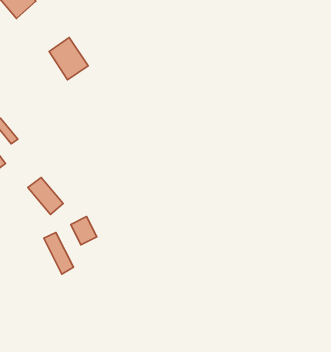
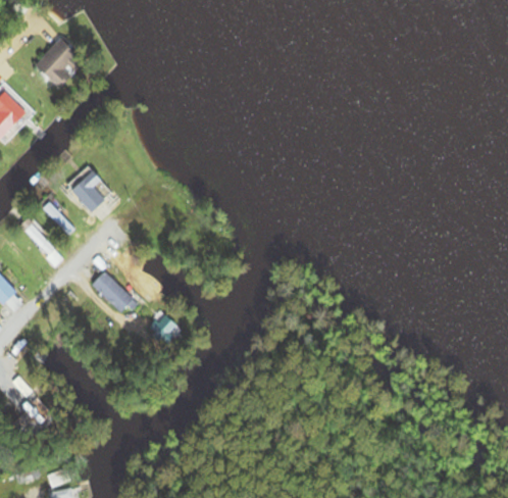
building: [49,38,88,80] -> [67,165,114,214]
building: [44,232,73,274] -> none

